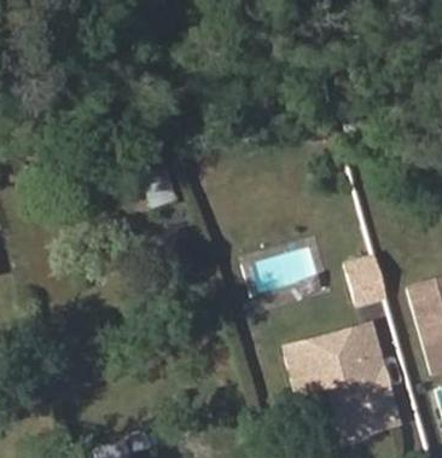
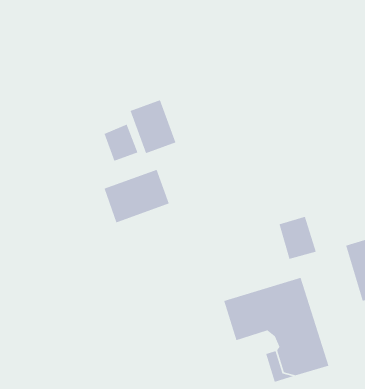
building: none -> [129,99,177,154]
building: none -> [103,169,170,224]

